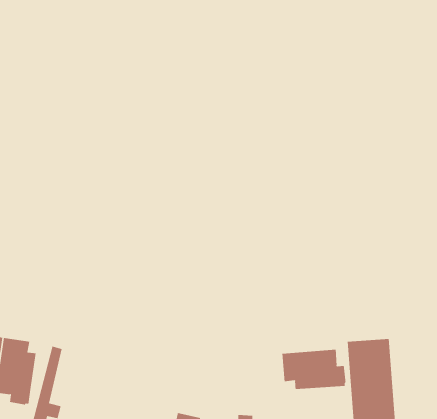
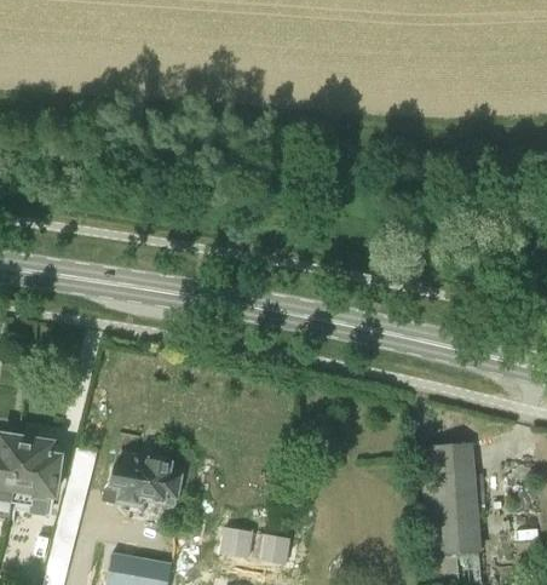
building: [282,349,346,390] -> none
building: none -> [111,453,183,507]

